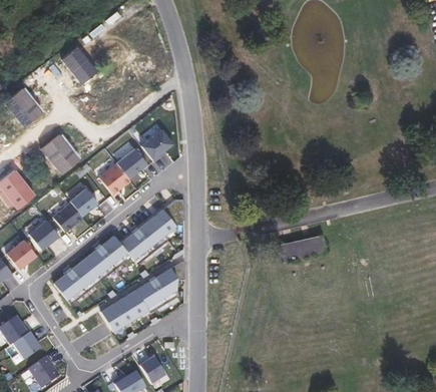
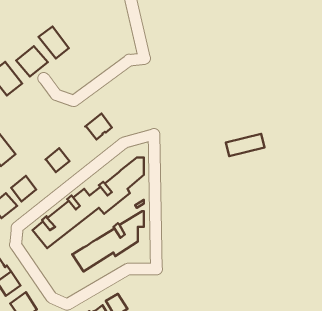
building: none -> [16,46,48,76]
building: [141,128,173,161] -> none
building: [41,133,80,173] -> none
building: [99,162,131,193] -> none
building: [53,202,84,232] -> none
building: [281,235,326,261] -> [226,134,265,156]

